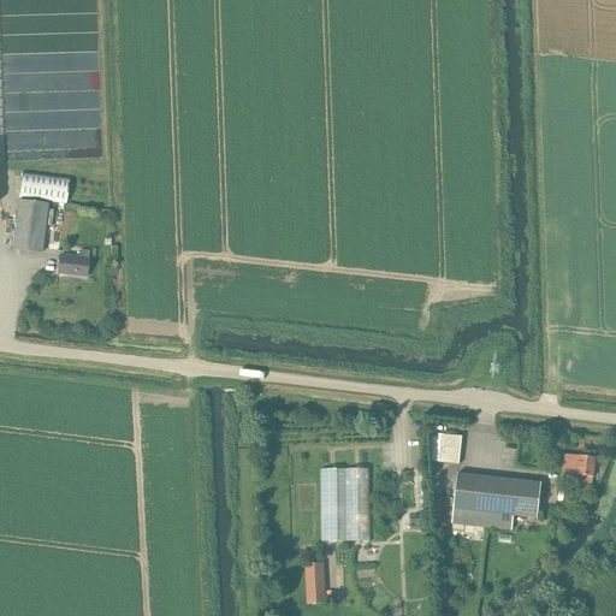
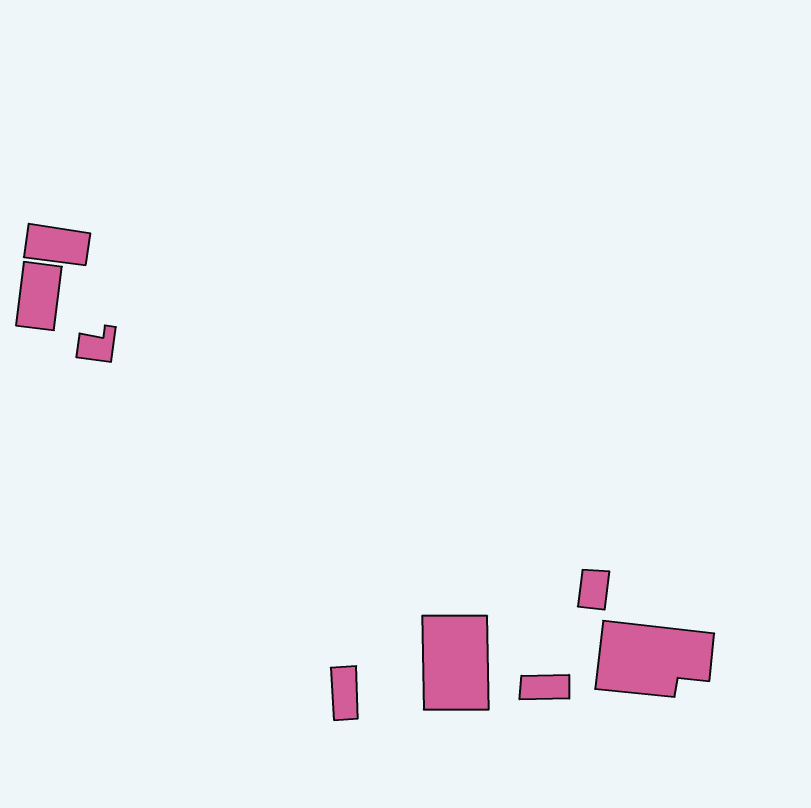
building: [567,452,596,484] -> none
building: none -> [520,675,569,699]
building: [304,561,325,602] -> [331,666,358,720]

